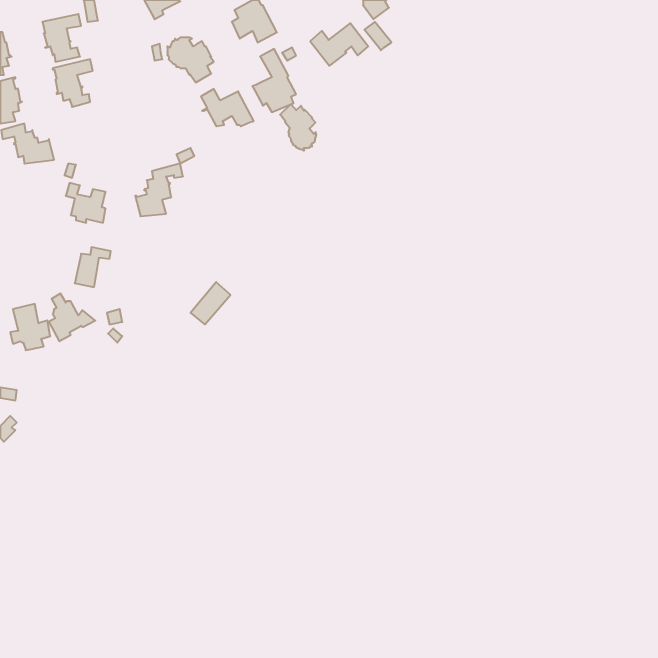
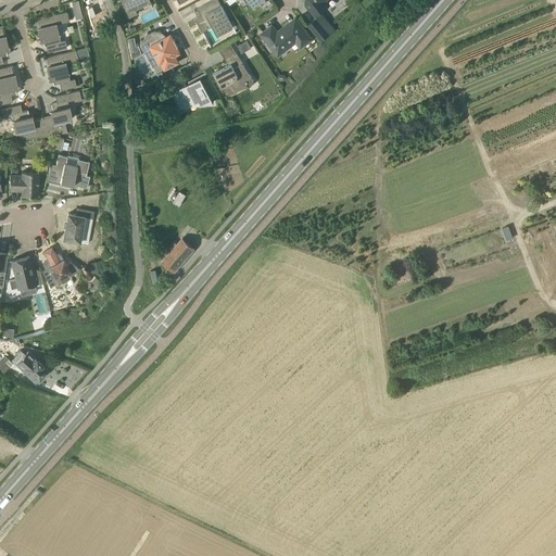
building: [280,104,316,151] -> none
building: [135,164,183,216] -> [41,90,81,135]
building: none -> [10,172,38,195]
building: none -> [18,352,48,383]

